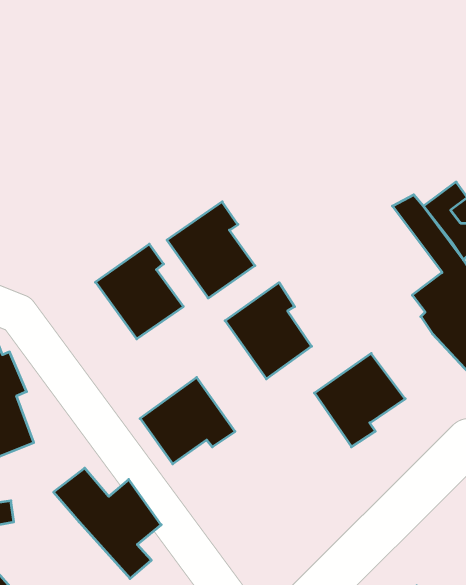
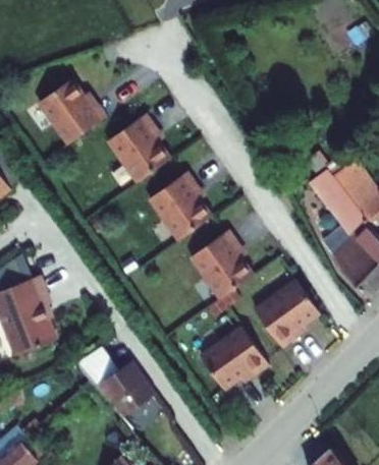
building: none -> [40,78,108,143]
building: [95,244,183,339] -> [109,113,172,181]
building: [140,377,235,464] -> [202,327,270,389]

